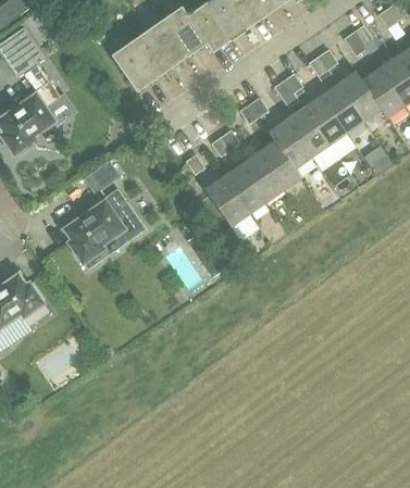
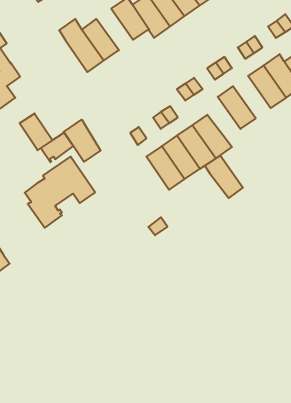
building: [147,18,189,66] -> none
building: [303,96,347,145] -> none
building: [269,120,312,168] -> [205,155,243,198]
building: none -> [20,113,53,150]
building: none -> [64,120,101,162]

